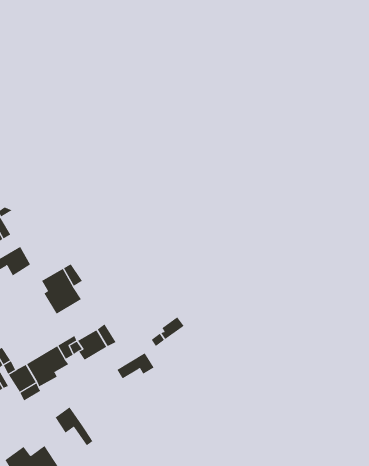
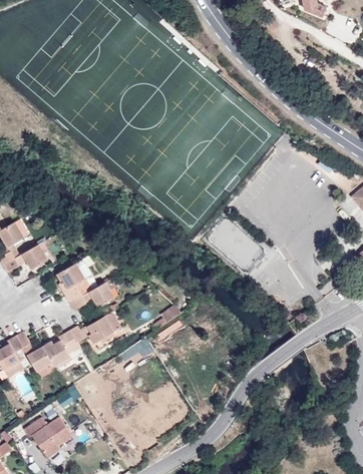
building: none -> [70,279,116,310]
building: [55,407,93,446] -> none

